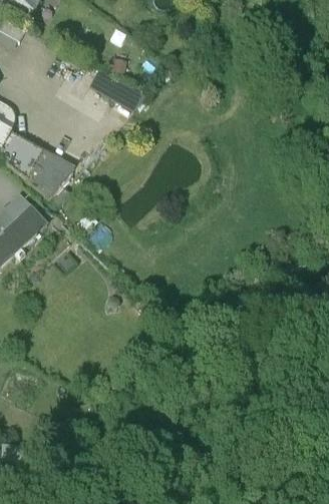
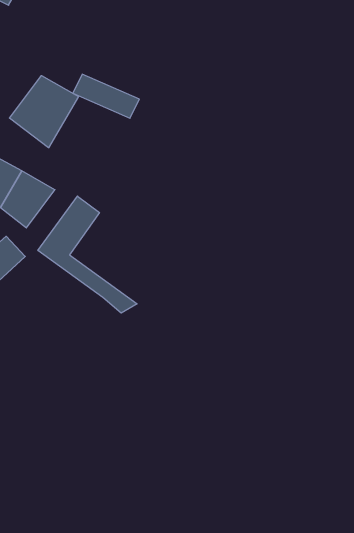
building: none -> [9,76,78,148]
building: none -> [38,196,137,313]

